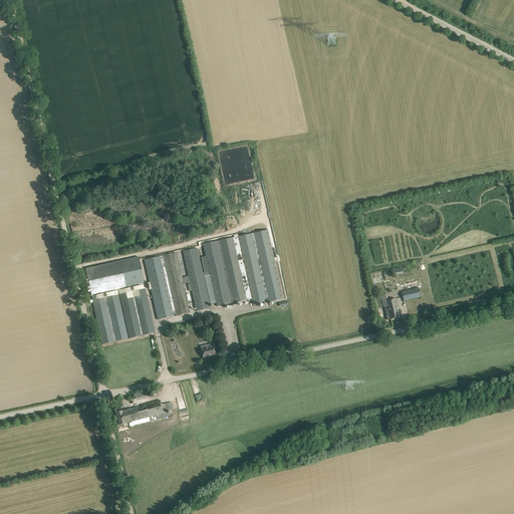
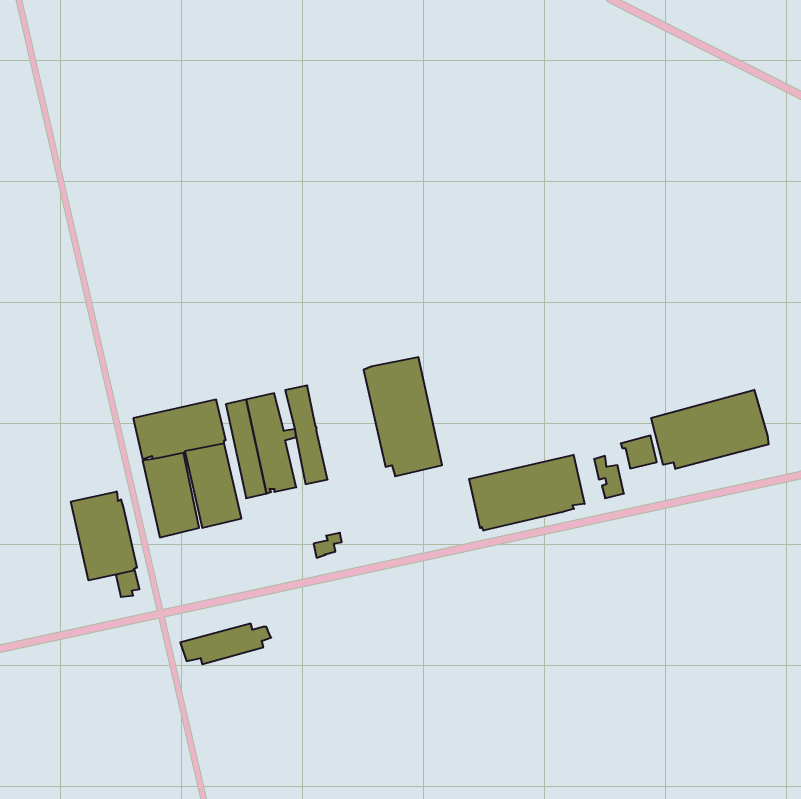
building: [202,237,247,306] -> none
building: none -> [651,390,769,469]
building: none -> [469,455,585,531]
building: none -> [71,491,137,580]

